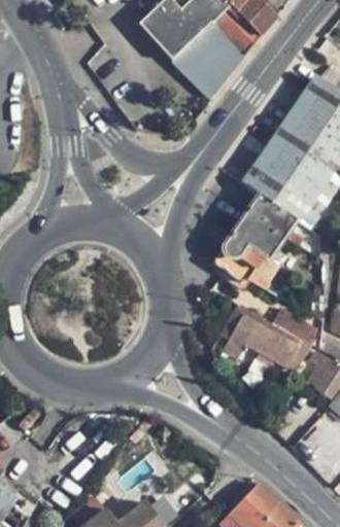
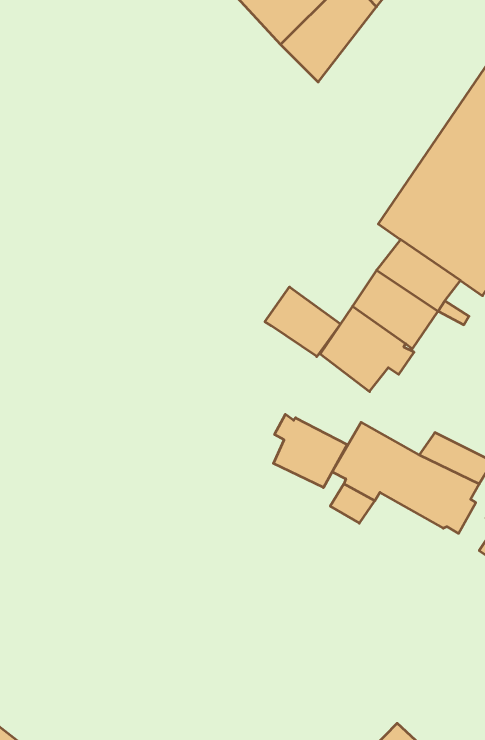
building: none -> [265,287,340,357]
building: none -> [273,414,347,488]

